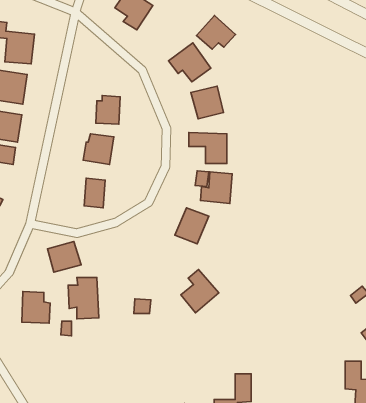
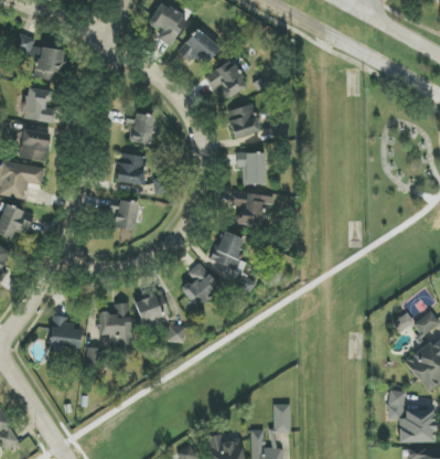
building: [196,15,236,49] -> [179,29,219,64]
building: [48,241,81,272] -> [135,291,170,323]
building: [181,270,219,313] -> [181,263,221,308]

